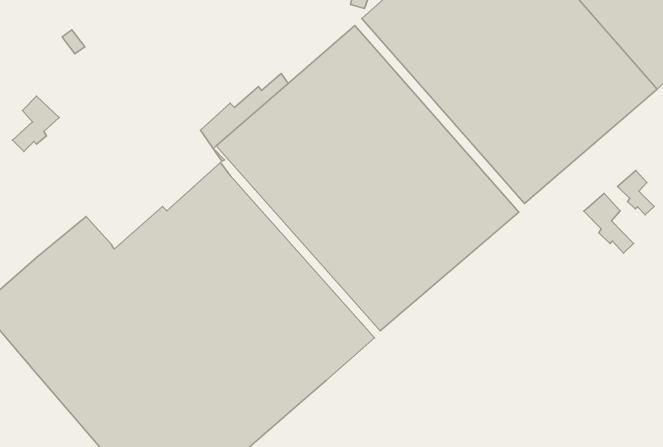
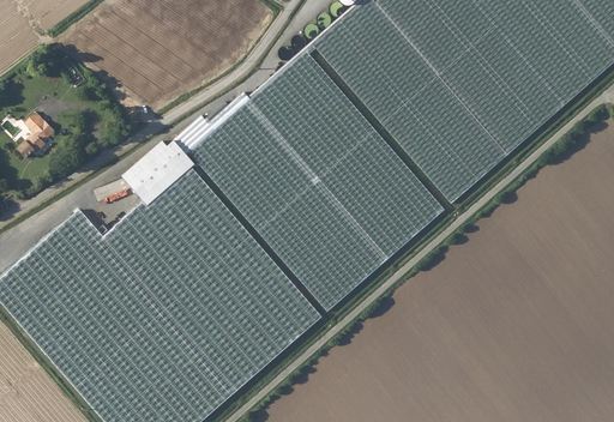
building: none -> [122,138,195,206]
building: [618,171,654,215] -> none
building: [584,194,634,253] -> none

